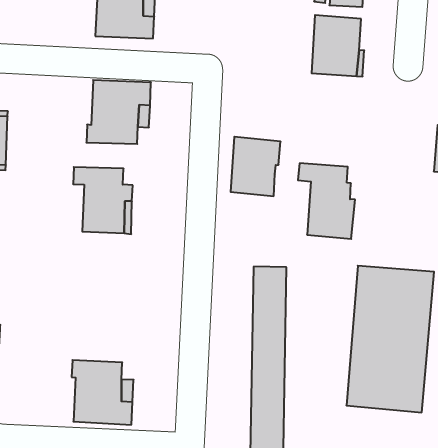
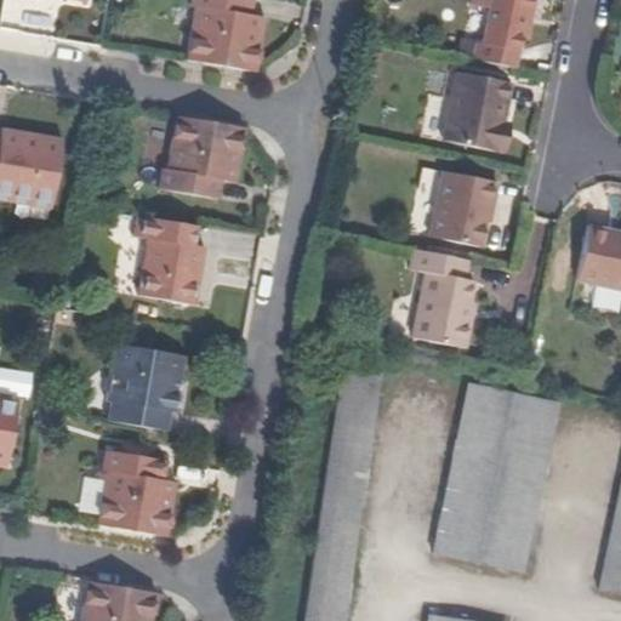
building: [231,137,281,196] -> [431,169,500,247]
building: none -> [106,343,187,431]

